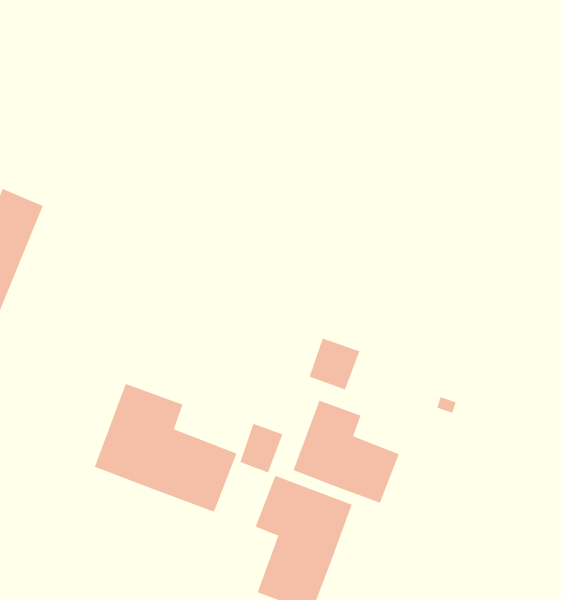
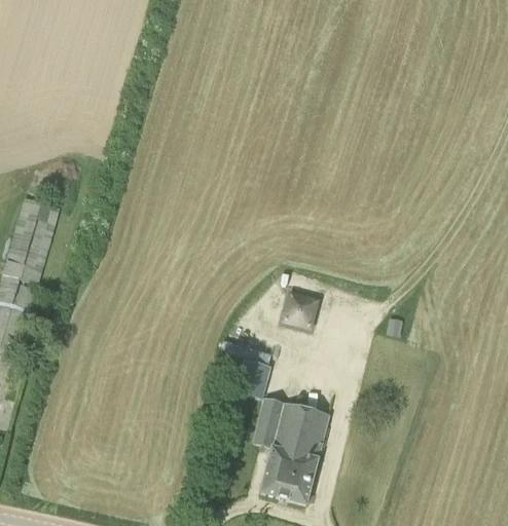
building: [94,383,237,513] -> none
building: [293,400,399,504] -> none

